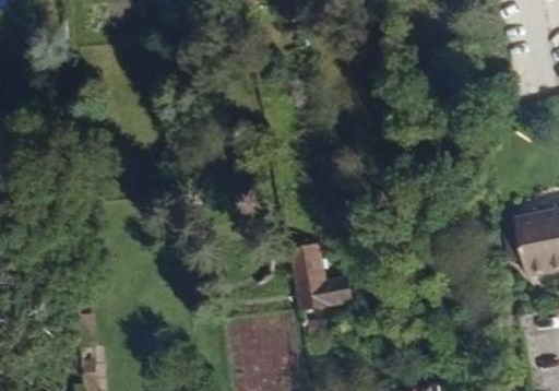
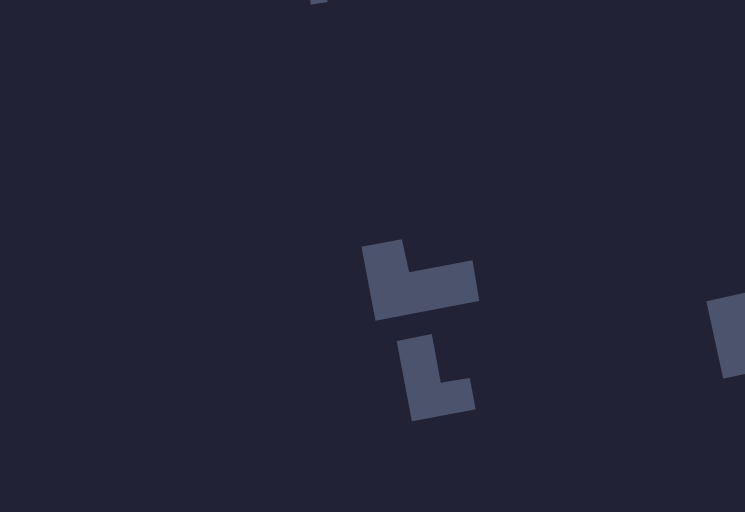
building: none -> [361,239,480,321]

